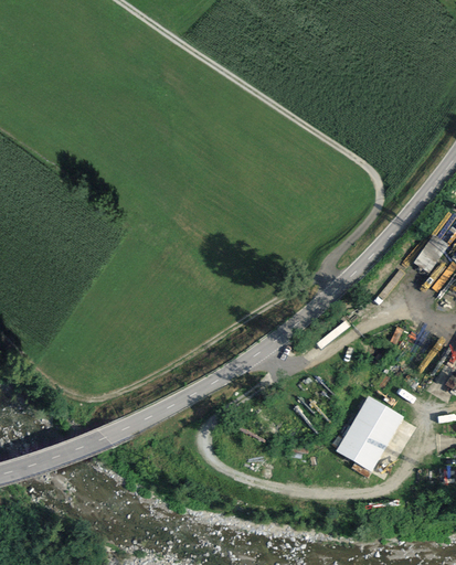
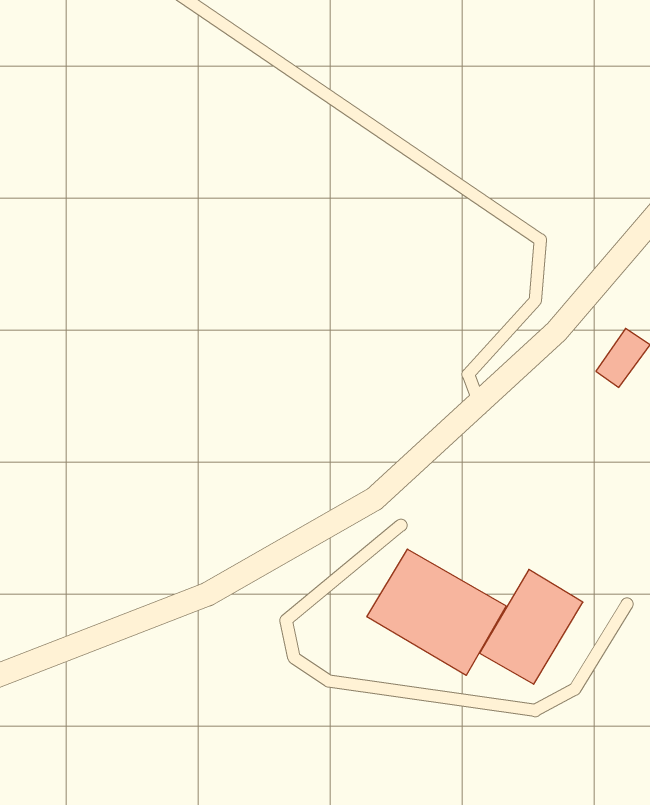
building: none -> [367,549,506,675]

